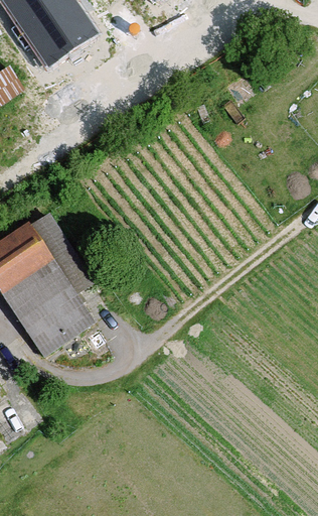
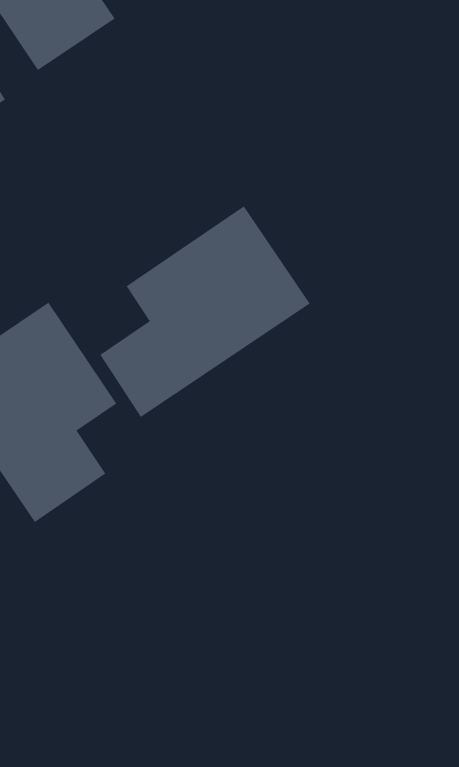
building: none -> [99,206,310,418]

